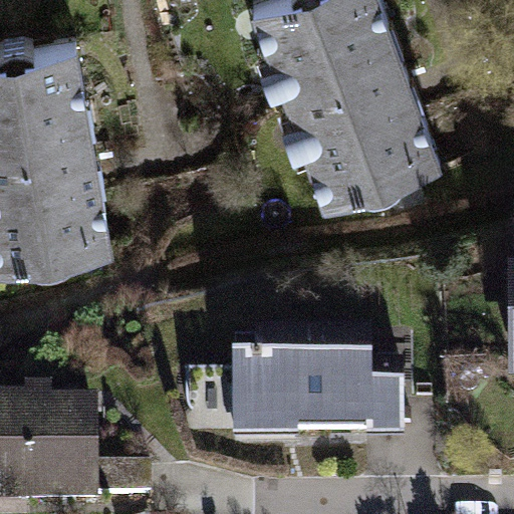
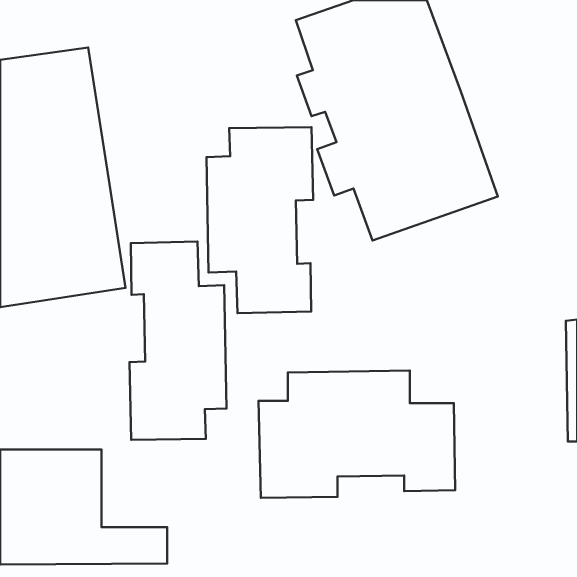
building: none -> [206,127,313,313]
building: none -> [130,242,226,440]

